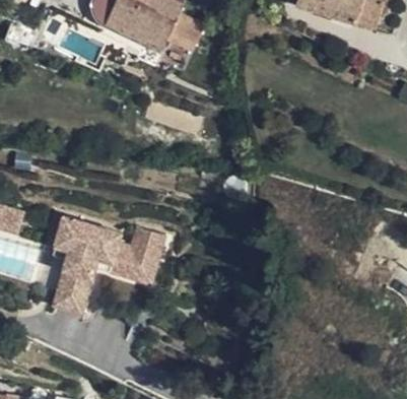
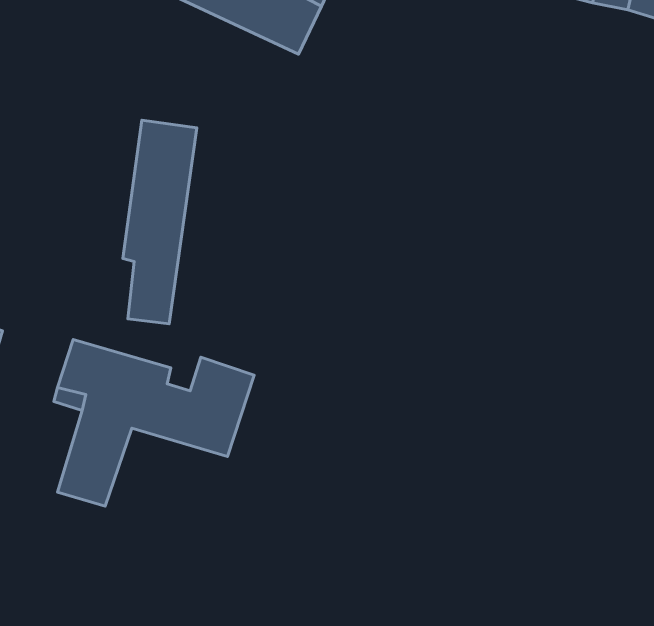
building: none -> [123,120,197,324]

